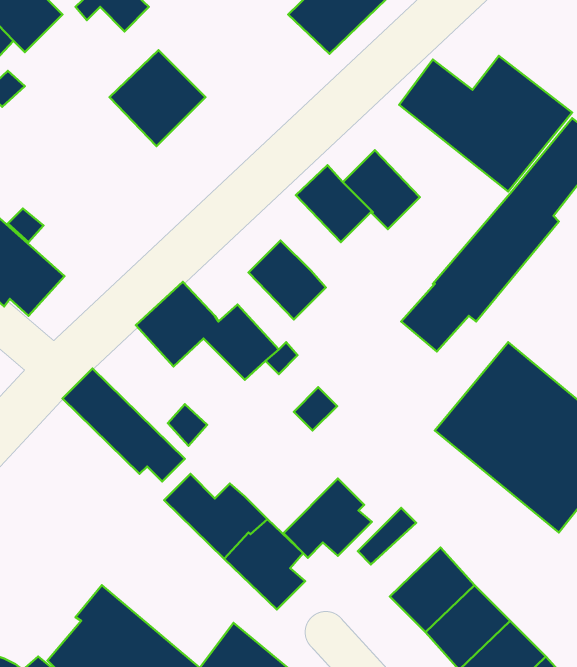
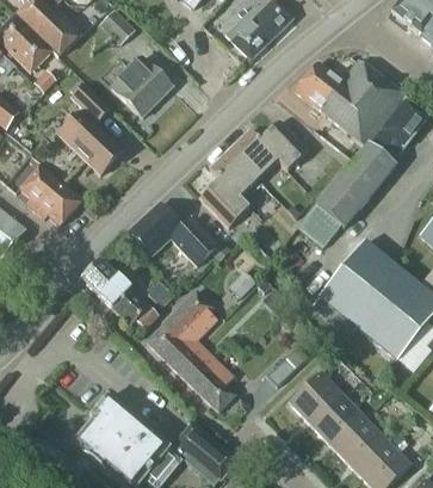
building: none -> [57,82,122,173]
building: none -> [209,147,258,194]
building: [283,479,372,558] -> [162,289,218,339]

